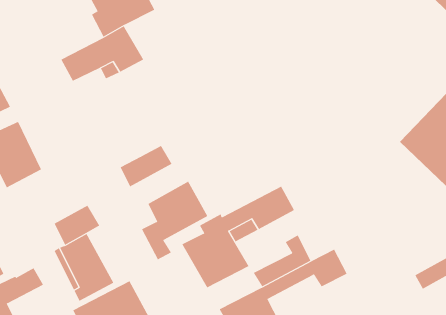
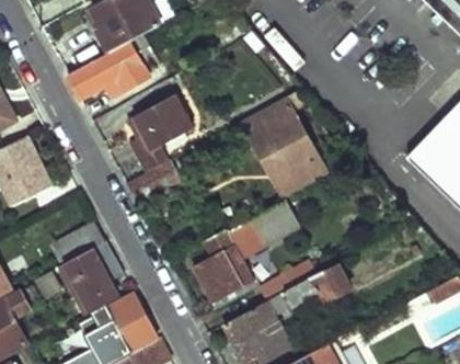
building: none -> [243,93,330,198]
building: [141,181,208,260] -> [131,93,198,172]

